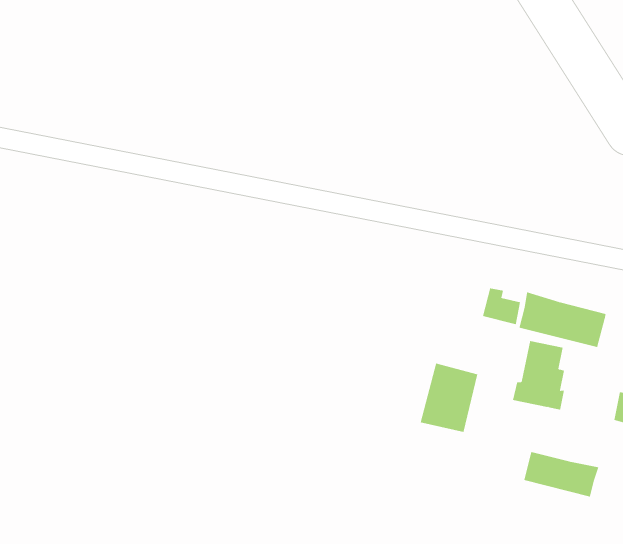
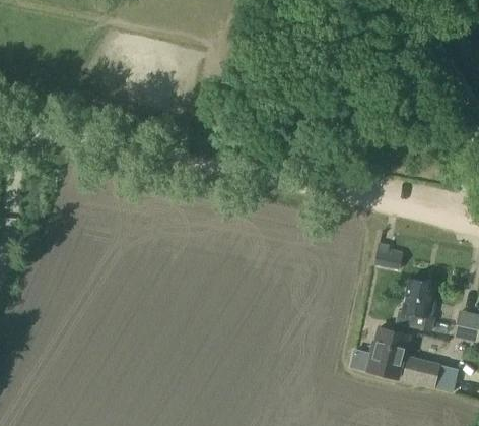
building: [519,292,606,348] -> none
building: [420,363,478,433] -> [367,328,409,378]

